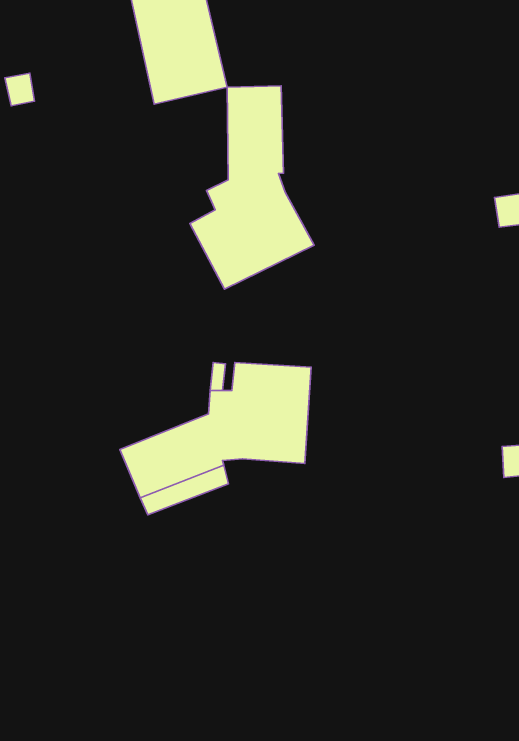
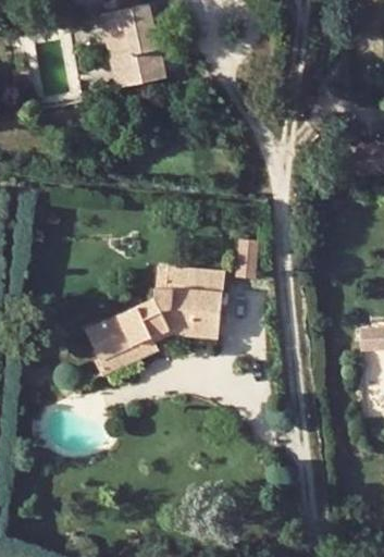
building: [190,86,314,289] -> none

